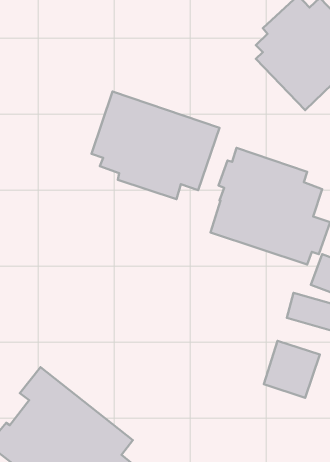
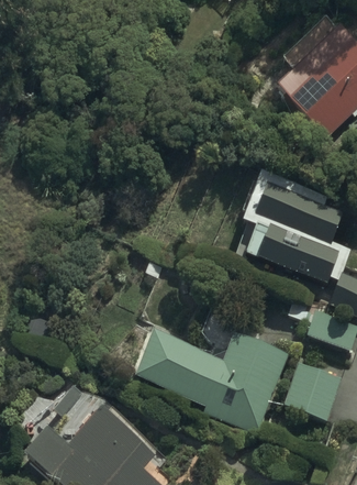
building: [92,91,219,199] -> none
building: none -> [137,328,289,425]

